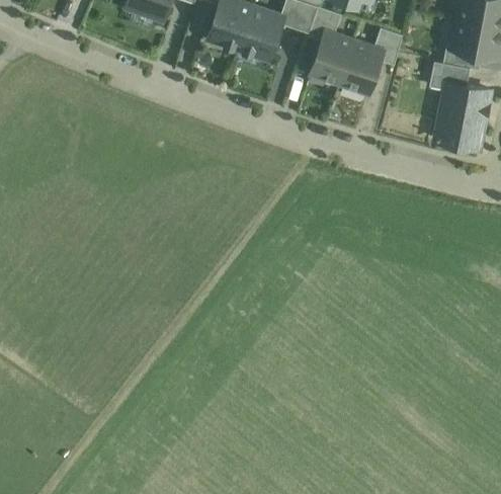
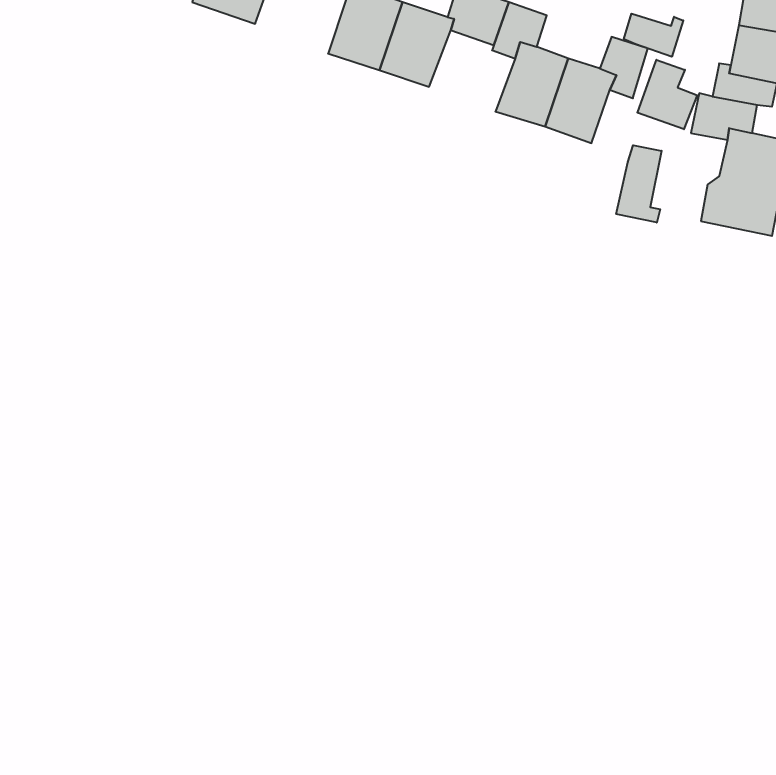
building: none -> [624,14,683,57]
building: none -> [637,60,697,129]
building: none -> [616,145,662,223]

